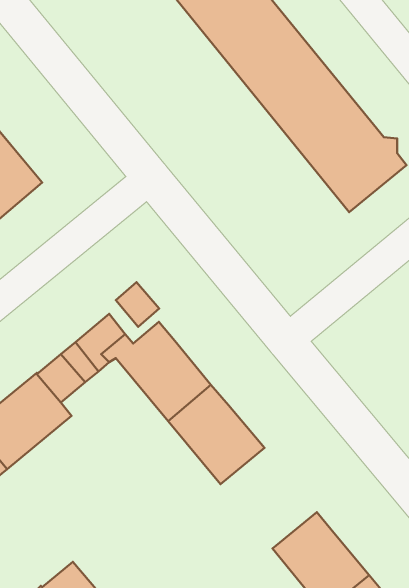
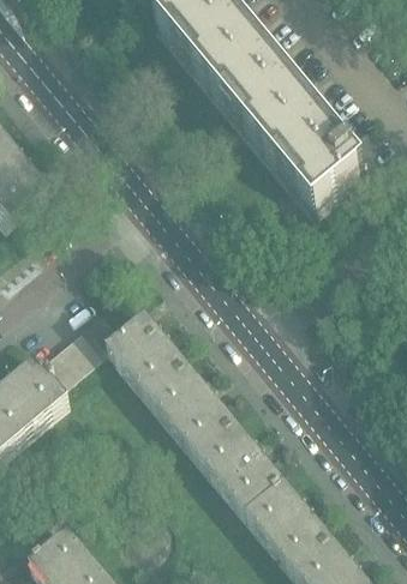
building: [116,282,159,327] -> none
building: none -> [199,426,286,516]

